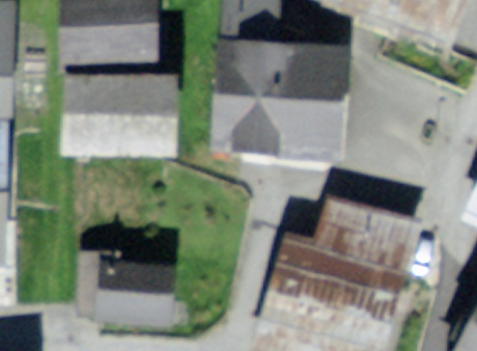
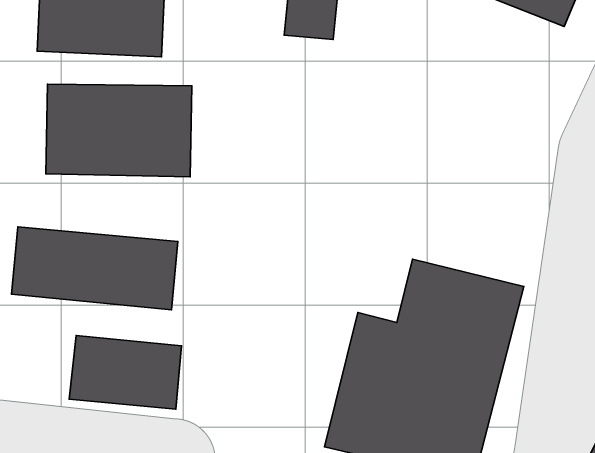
building: [217,44,340,142] -> none
building: none -> [11,227,178,310]

